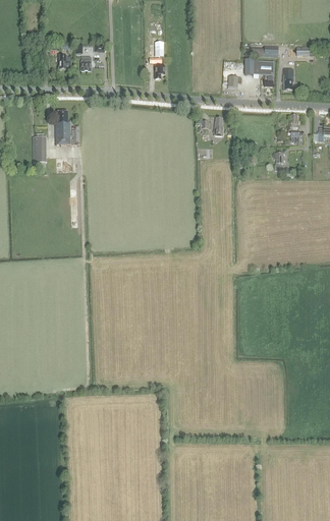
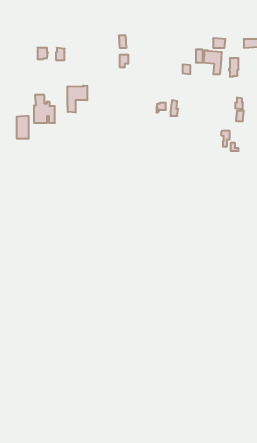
building: none -> [68,85,87,113]

